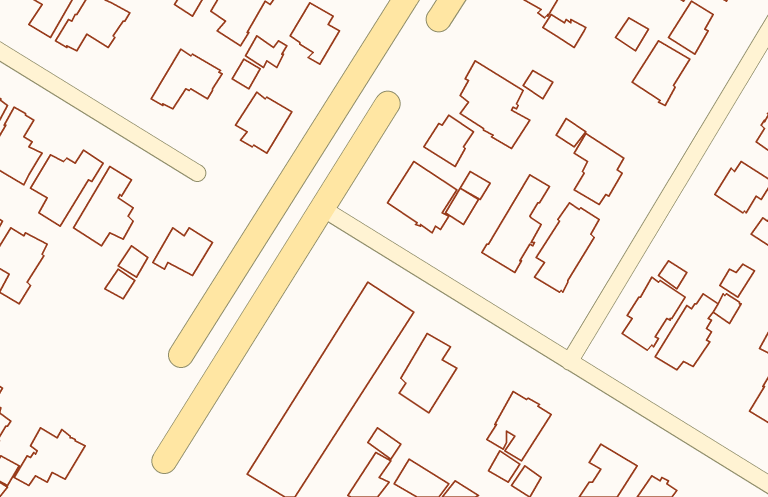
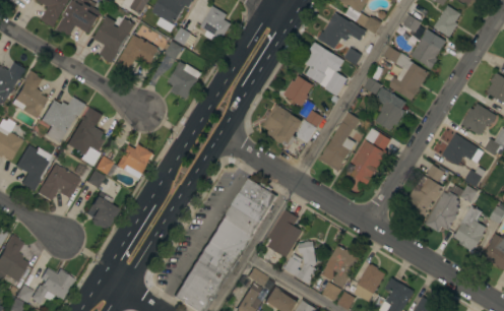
building: none -> [317,12,366,49]
building: none -> [92,16,134,63]
building: none -> [383,46,429,100]
building: none -> [442,133,484,166]
building: none -> [38,164,80,201]
building: none -> [86,191,118,230]
building: none -> [454,205,486,252]
building: none -> [284,241,317,284]
building: none -> [354,264,385,302]

